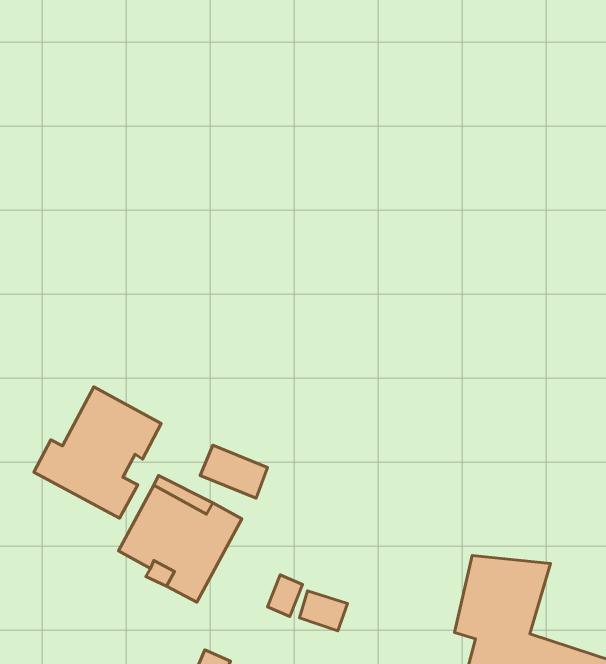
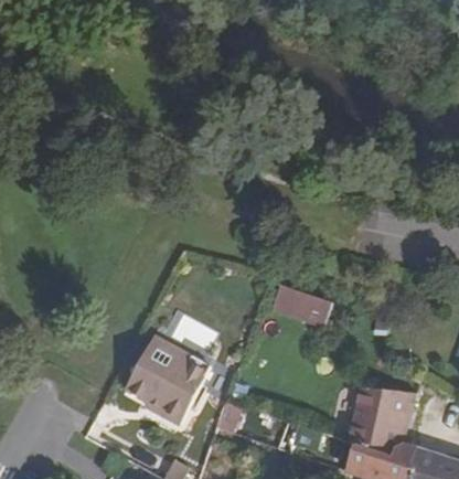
building: [34,387,161,518] -> none
building: none -> [275,288,331,327]

